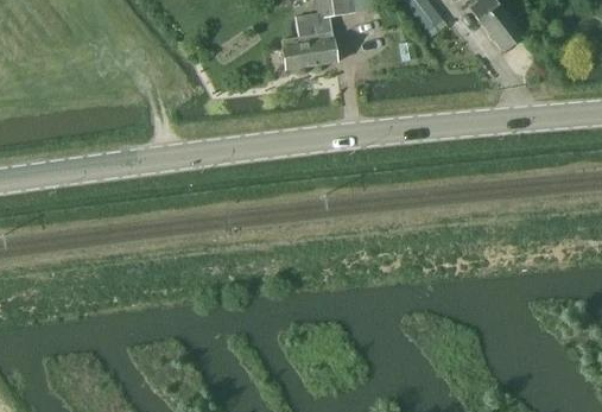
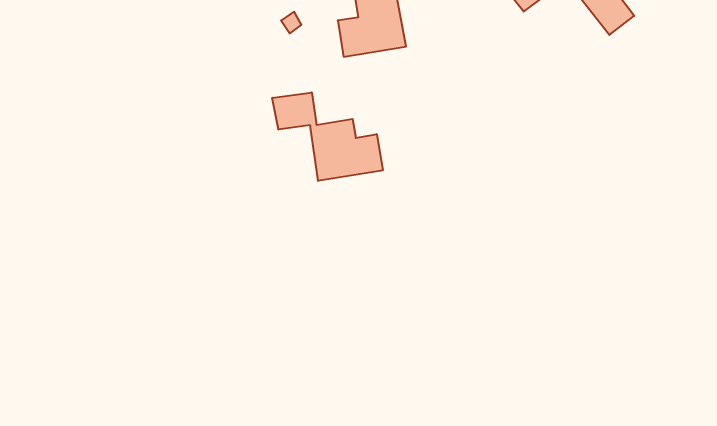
building: none -> [272,92,383,181]

